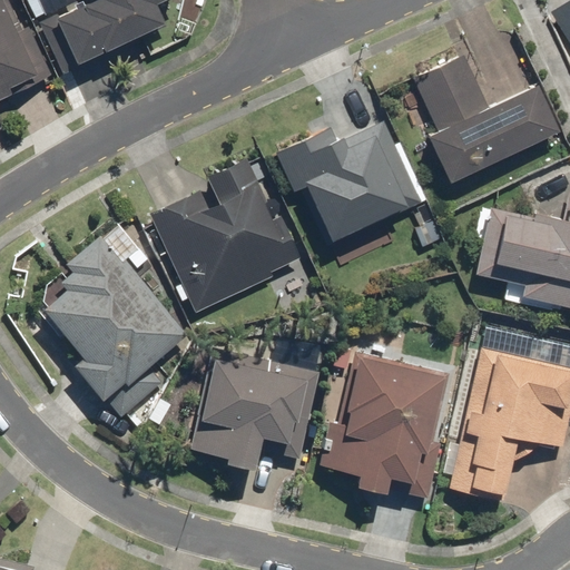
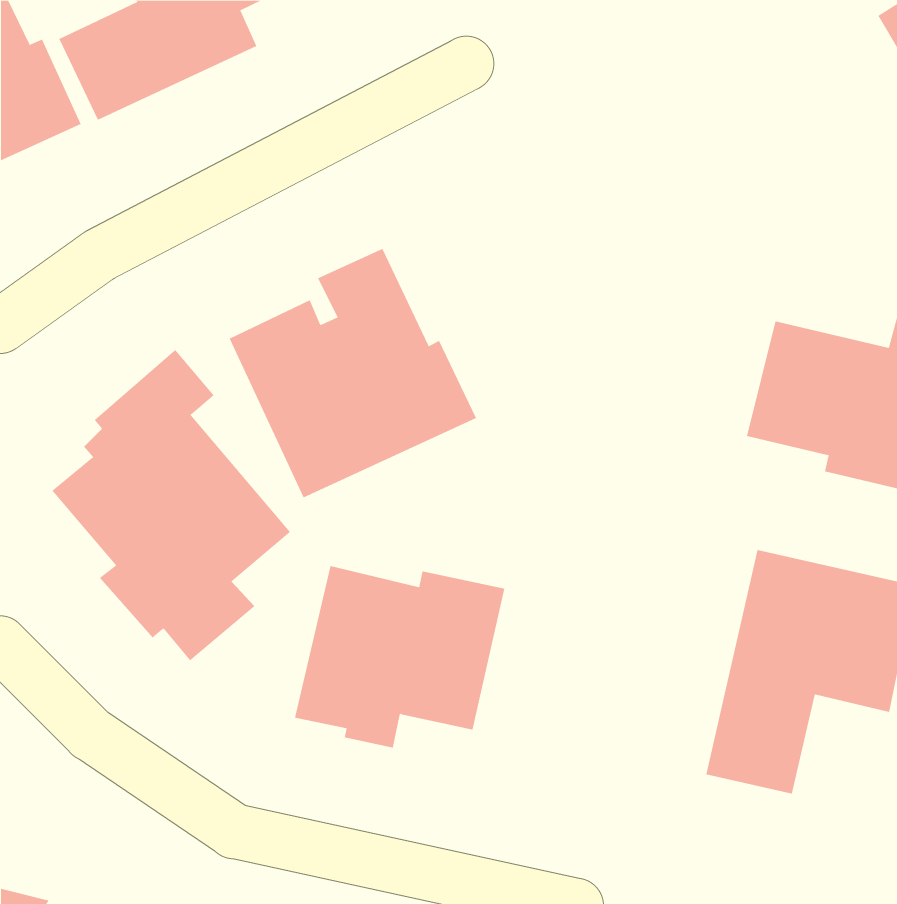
building: [415,53,558,184] -> none
building: [275,120,424,246] -> none
building: [318,352,456,500] -> none

